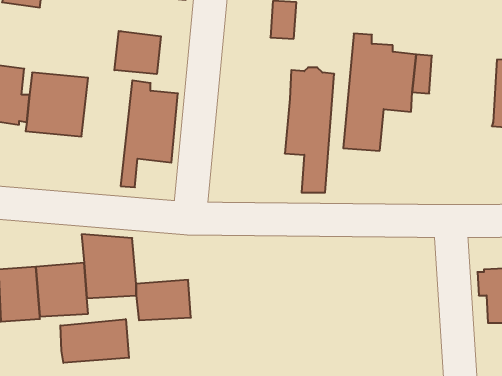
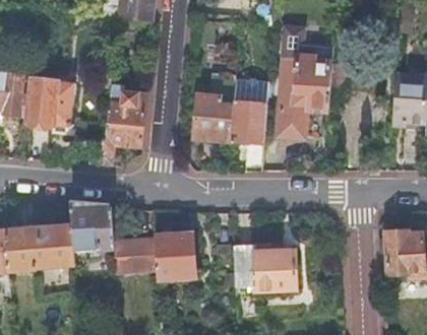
building: [114,31,161,74] -> none
building: none -> [194,93,234,140]
building: none -> [154,233,194,278]
building: none -> [233,245,295,292]
building: [60,319,129,363] -> none

